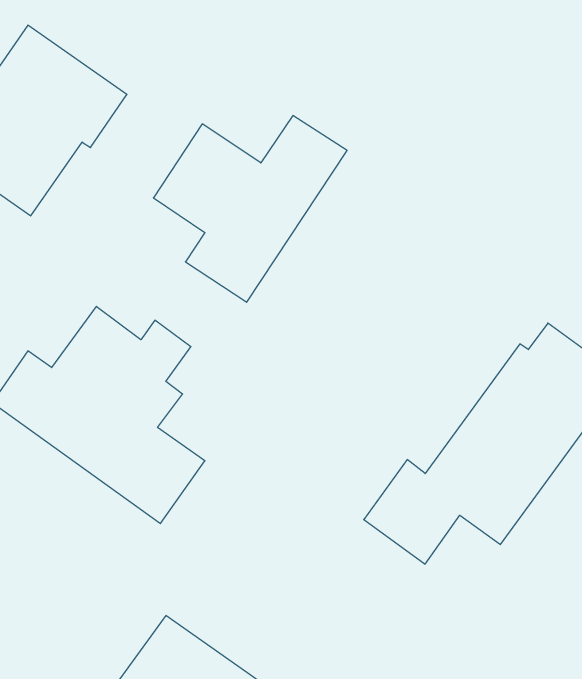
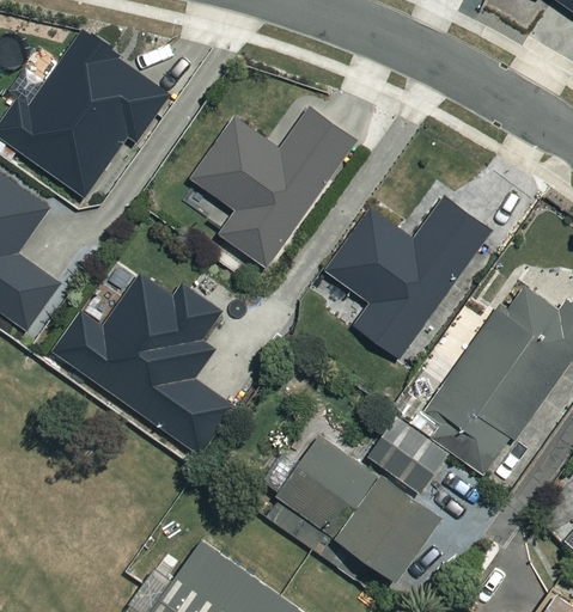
building: none -> [325,197,489,356]
building: none -> [262,437,445,581]

